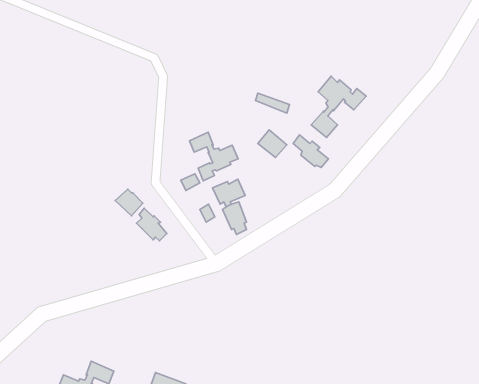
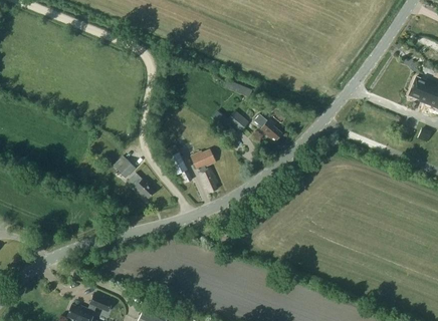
building: [311,76,366,137] -> none
building: [189,132,238,181] -> none

